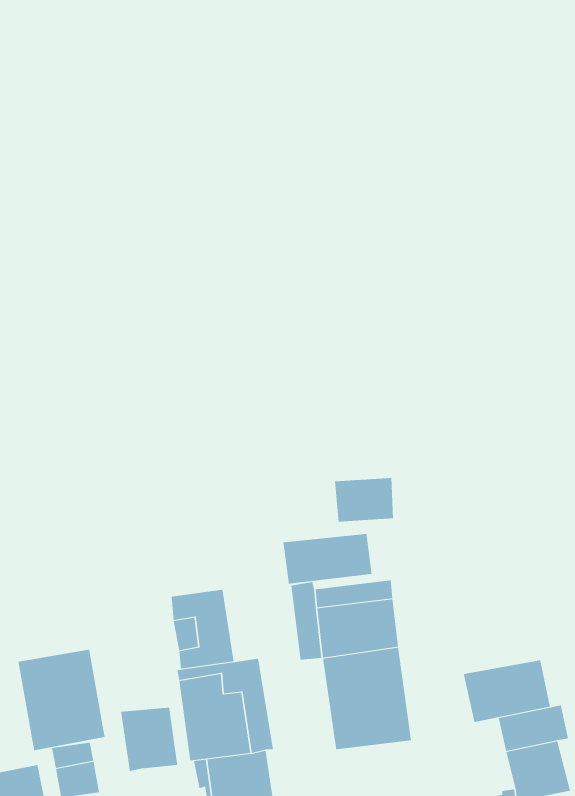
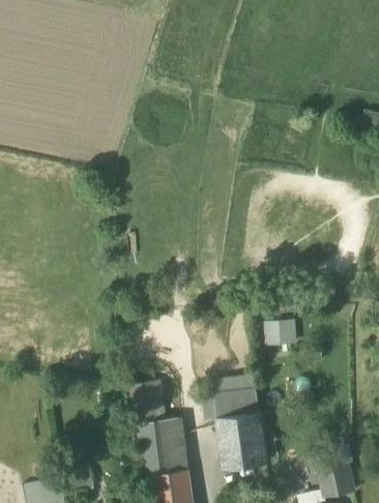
building: [334,477,394,522] -> [263,321,296,346]
building: [283,533,372,585] -> none
building: [18,649,105,751] -> none
building: [463,659,551,723] -> none
building: [121,707,178,772] -> none

